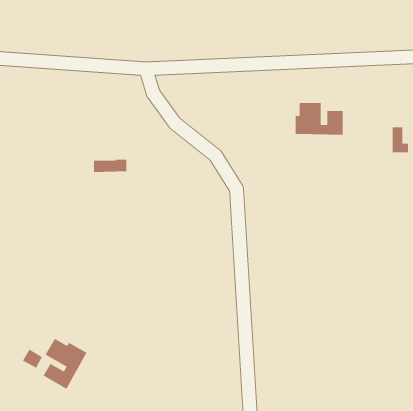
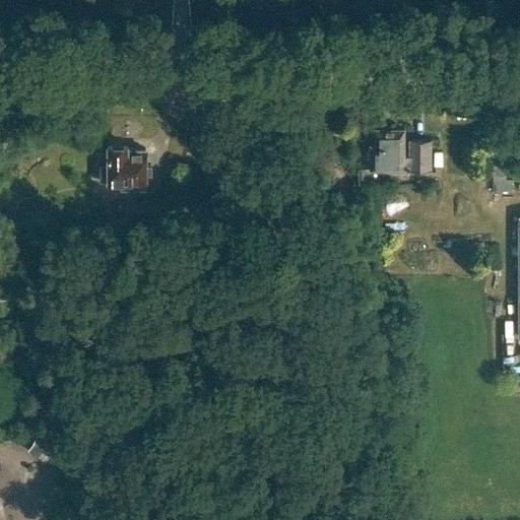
building: none -> [102,148,146,192]
building: [43,338,88,390] -> none

